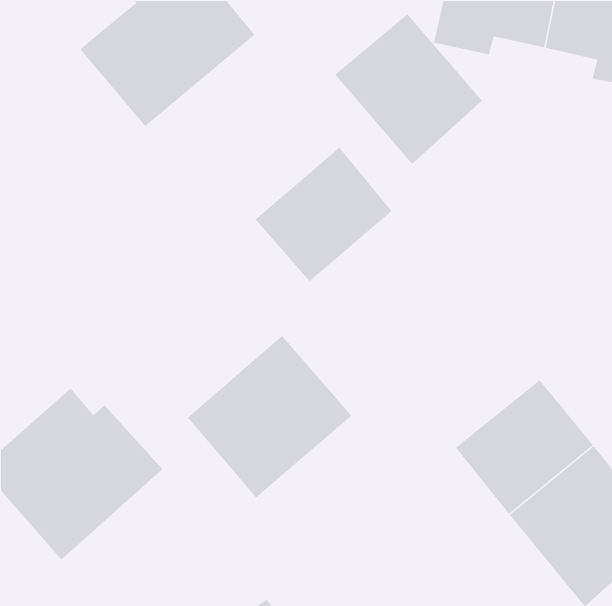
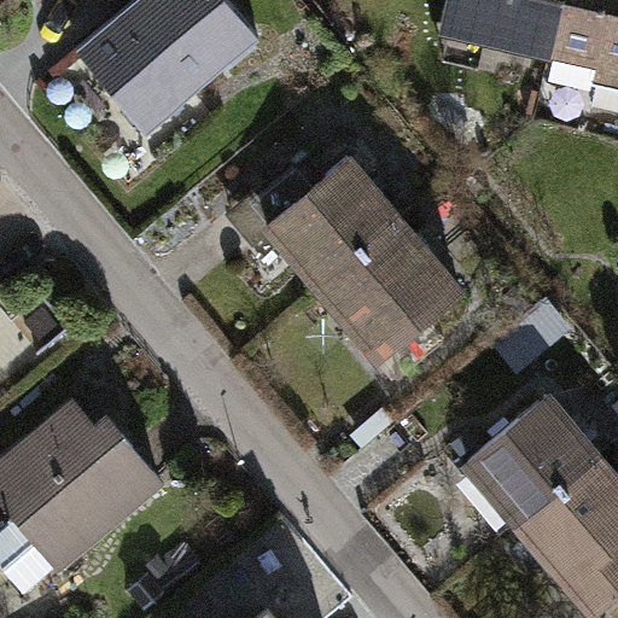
building: [334,13,483,165] -> none
building: none -> [313,220,450,371]
building: [187,335,352,498] -> none

